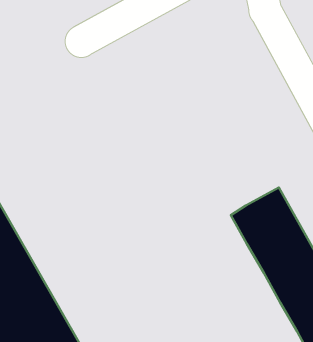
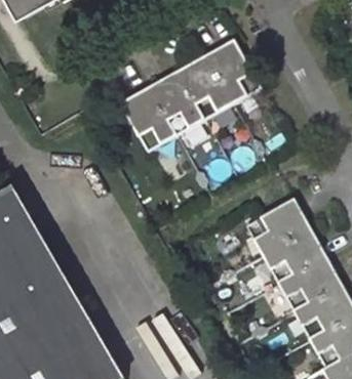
building: none -> [123,40,262,148]

